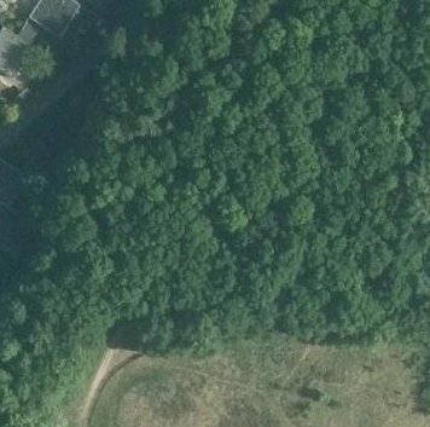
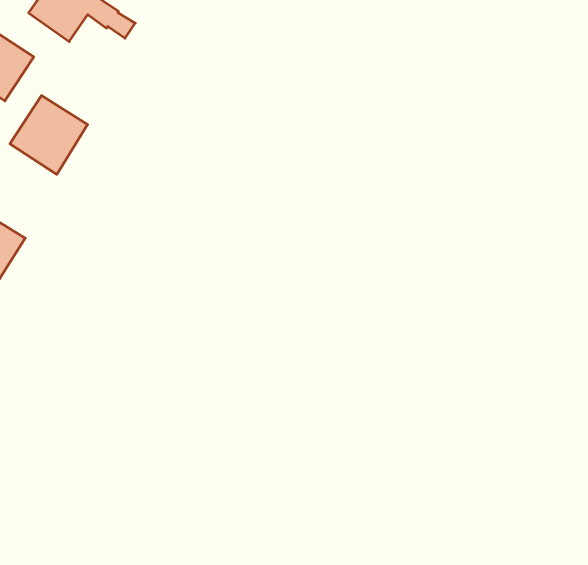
building: none -> [10,96,88,174]

